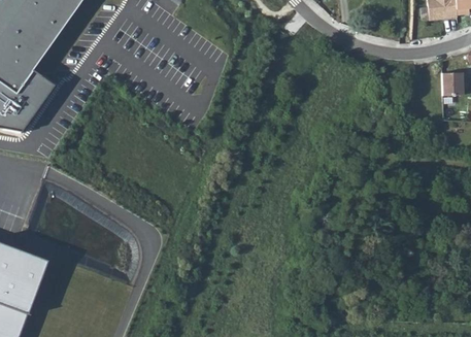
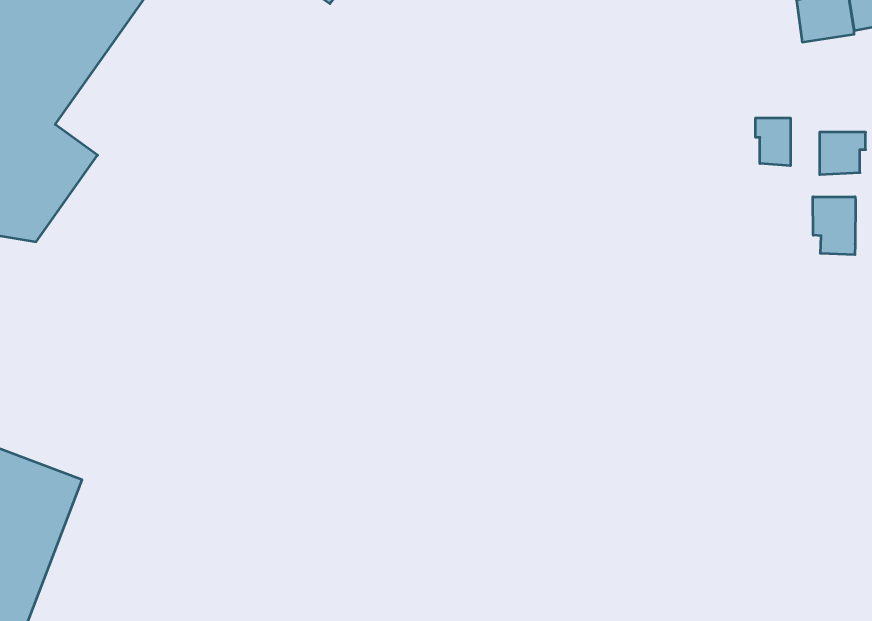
building: none -> [756,118,790,166]
building: none -> [813,197,856,255]

